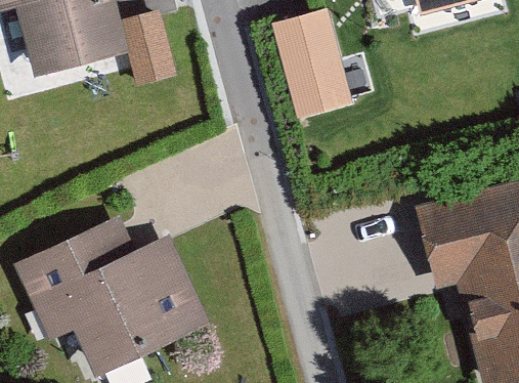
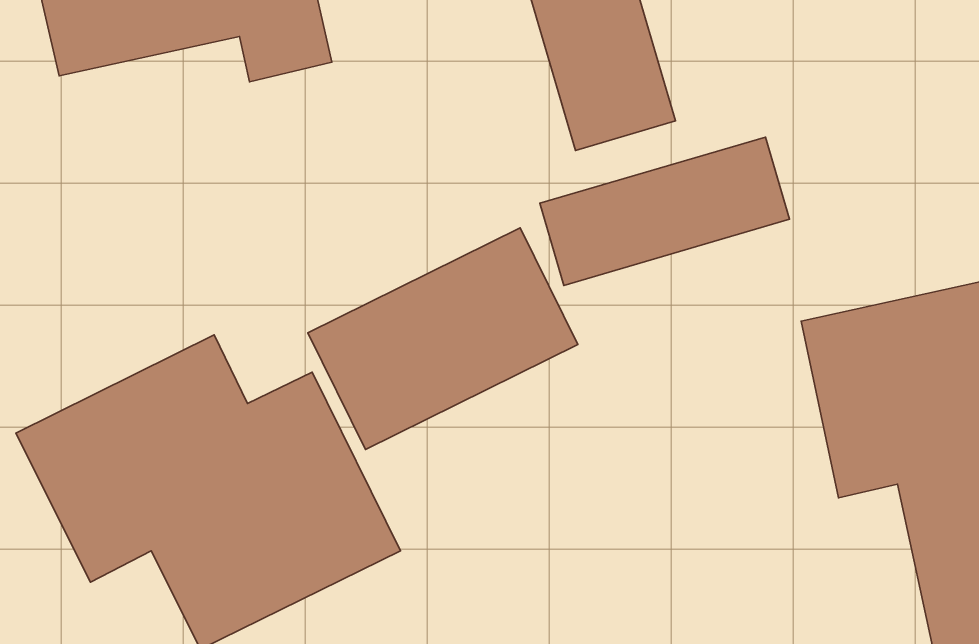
building: none -> [540,137,789,285]
building: none -> [308,228,578,450]

